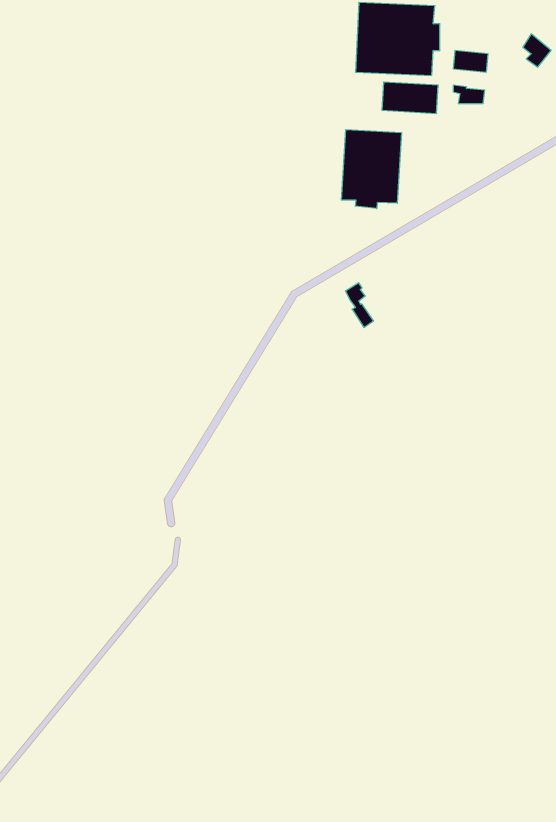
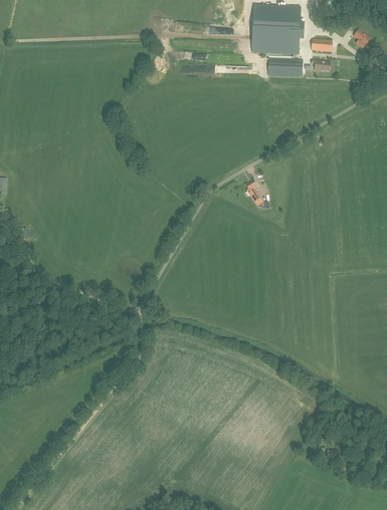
building: [341,130,402,209] -> none

